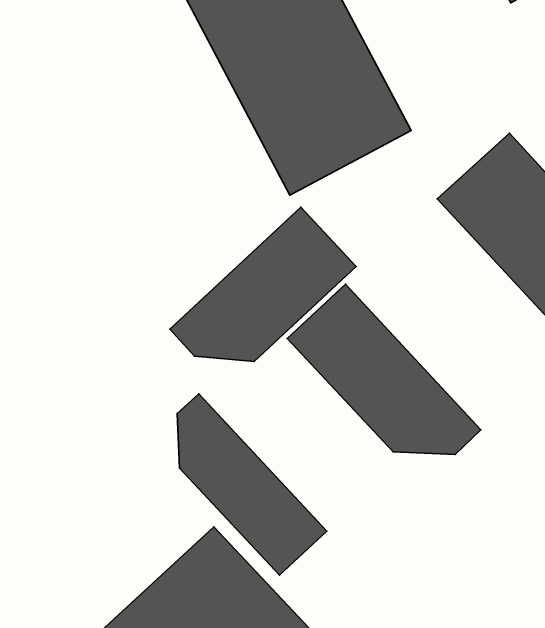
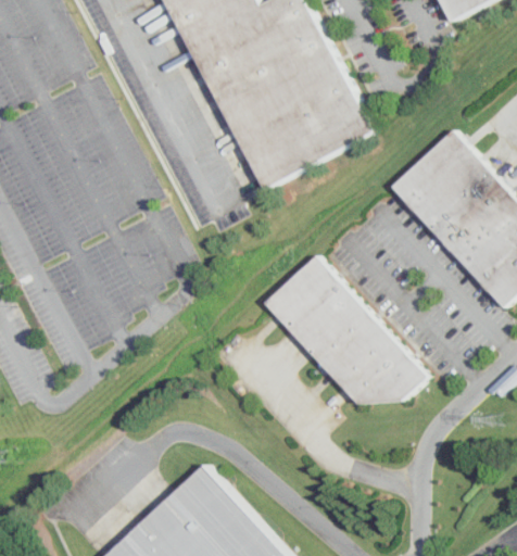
building: [170,207,356,362] -> none
building: [177,394,327,575] -> none

